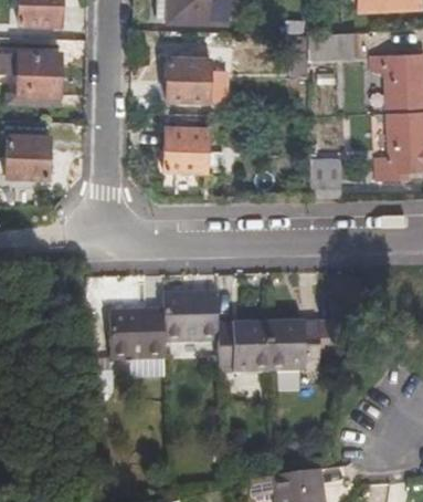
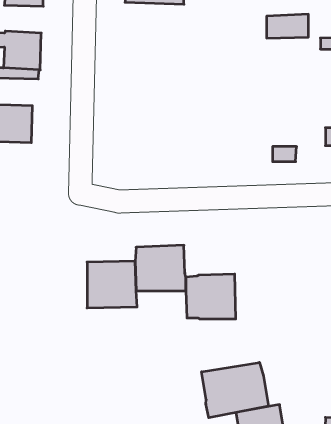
building: [169,57,210,102] -> none
building: [167,128,209,170] -> none
building: [274,322,320,372] -> none
building: none -> [202,362,269,418]

